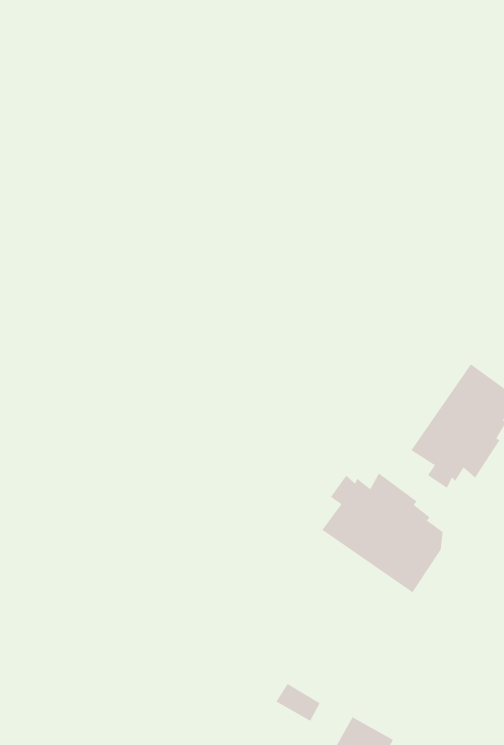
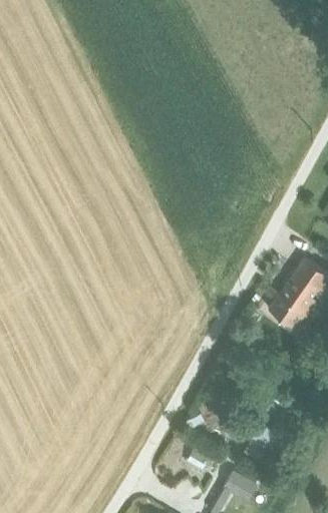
building: [321,473,443,593] -> none

